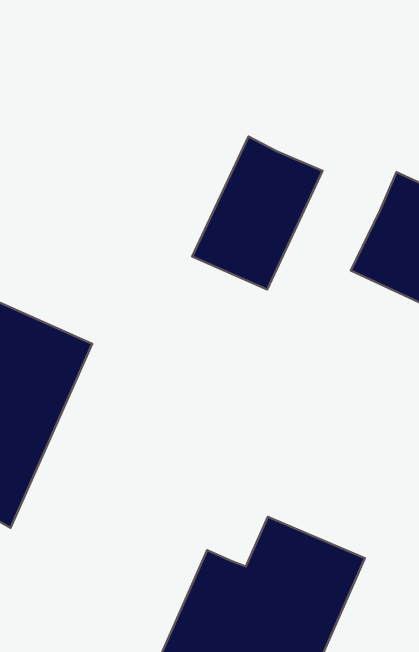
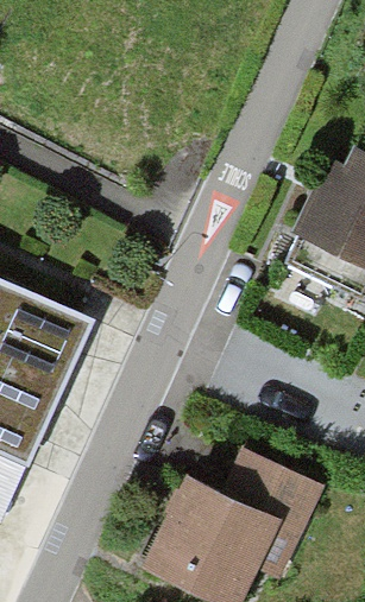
building: [192,136,322,290] -> none

